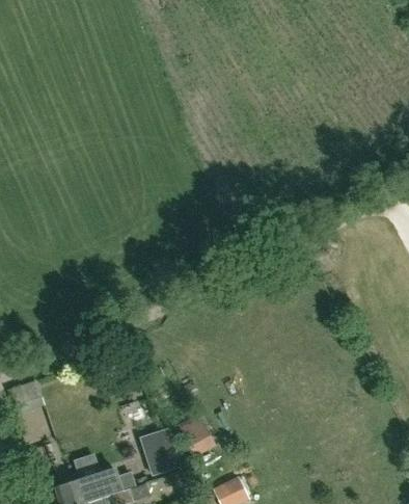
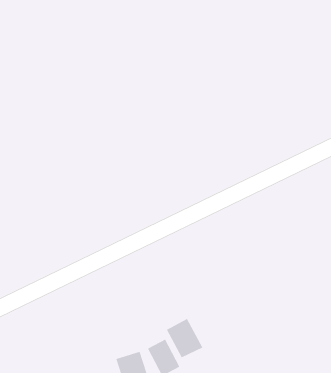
building: none -> [166,318,203,358]

